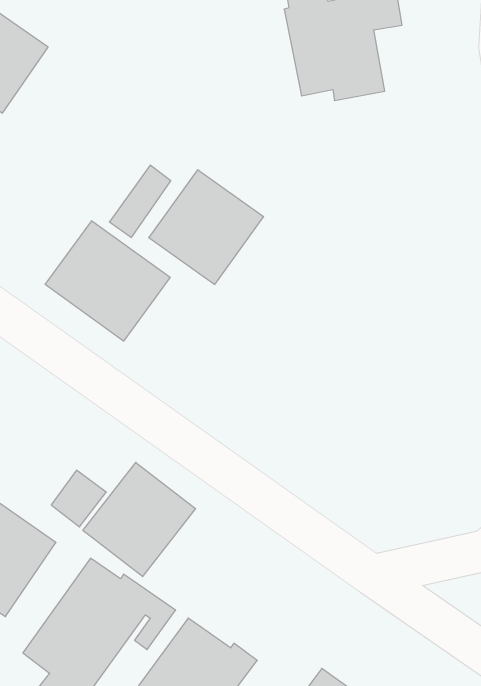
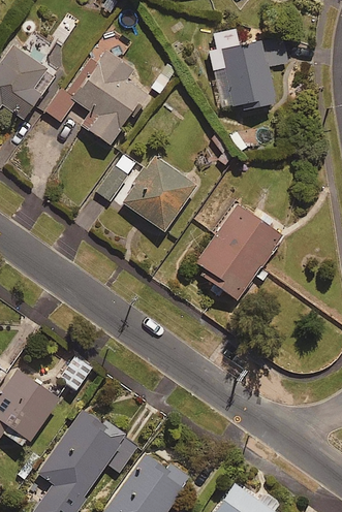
building: none -> [42,53,148,146]
building: [45,221,170,341] -> none
building: none -> [194,204,283,301]
building: [83,462,196,577] -> none

